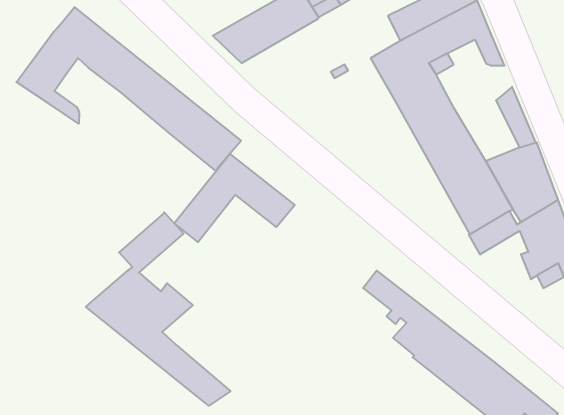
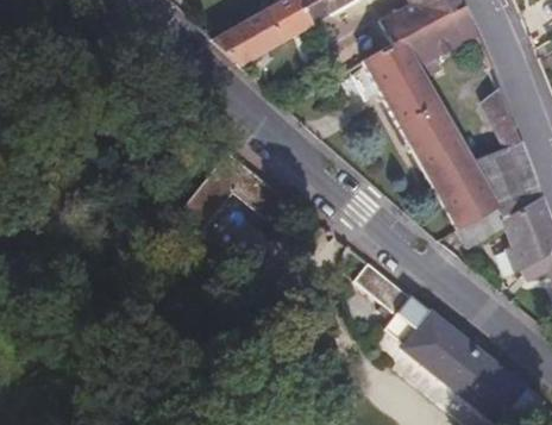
building: [16,7,241,171] -> none
building: [86,212,230,406] -> none

